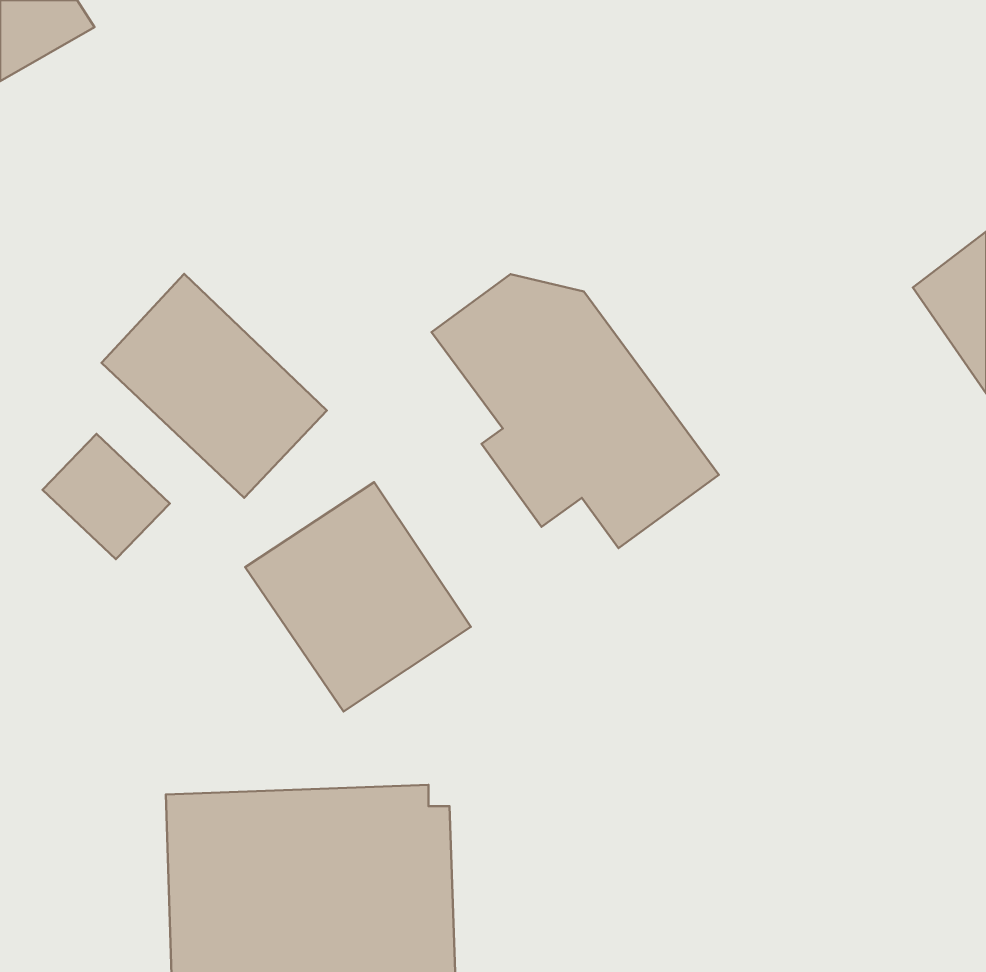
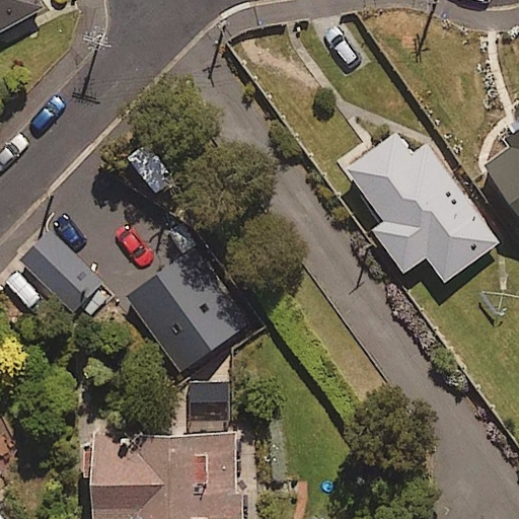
building: [101,274,327,498] -> none
building: [431,274,719,548] -> [346,137,497,281]

